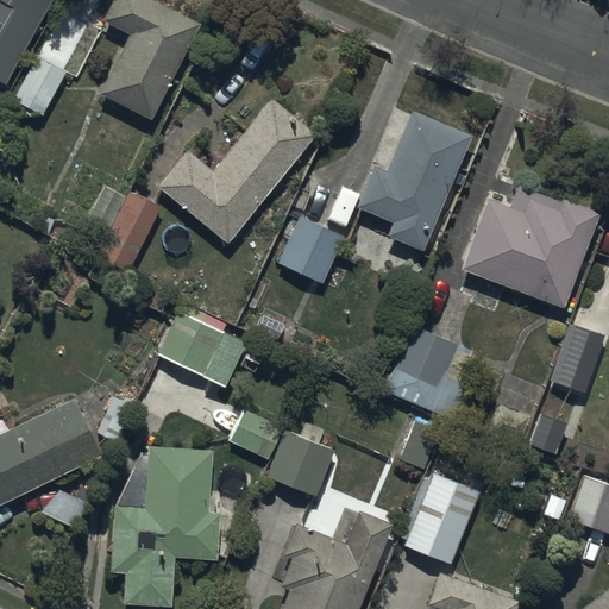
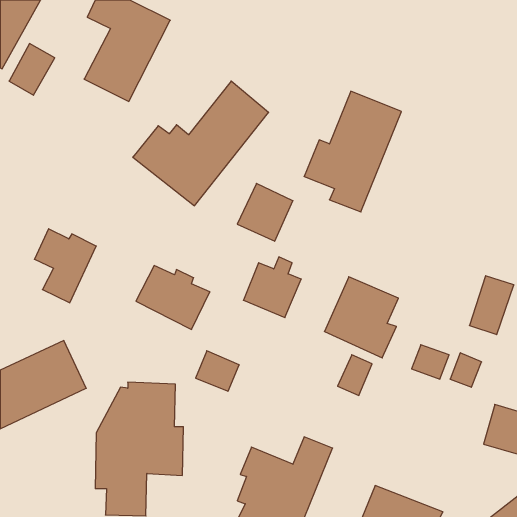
building: [87,187,159,274] -> [34,229,96,303]
building: [462,187,598,309] -> none
building: [265,425,333,496] -> [243,257,301,318]
building: [402,473,479,565] -> none

